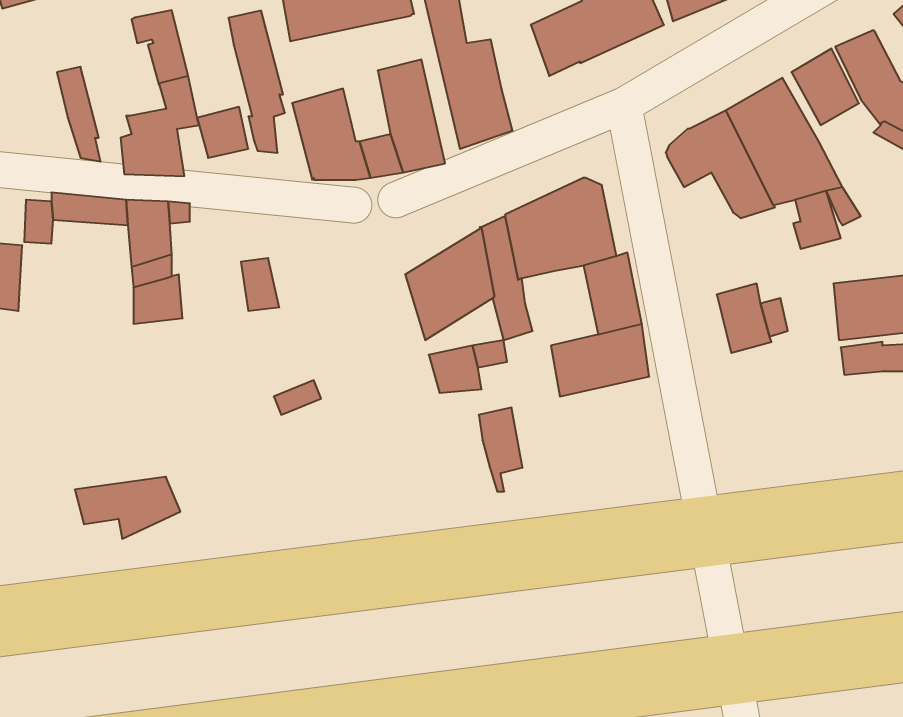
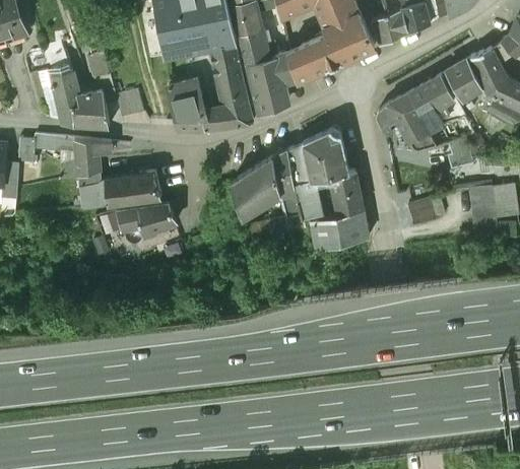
building: [228,11,285,153] -> [47,49,78,128]
building: none -> [209,39,240,70]
building: none -> [278,45,311,80]
building: none -> [105,177,143,208]
building: [479,408,523,491] -> [296,182,320,228]
building: [75,477,180,539] -> [116,207,175,242]

